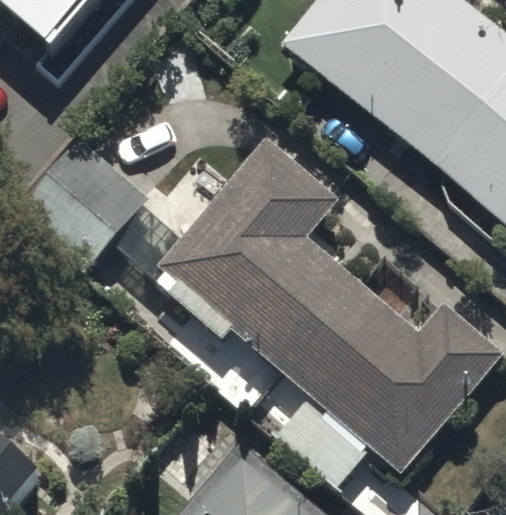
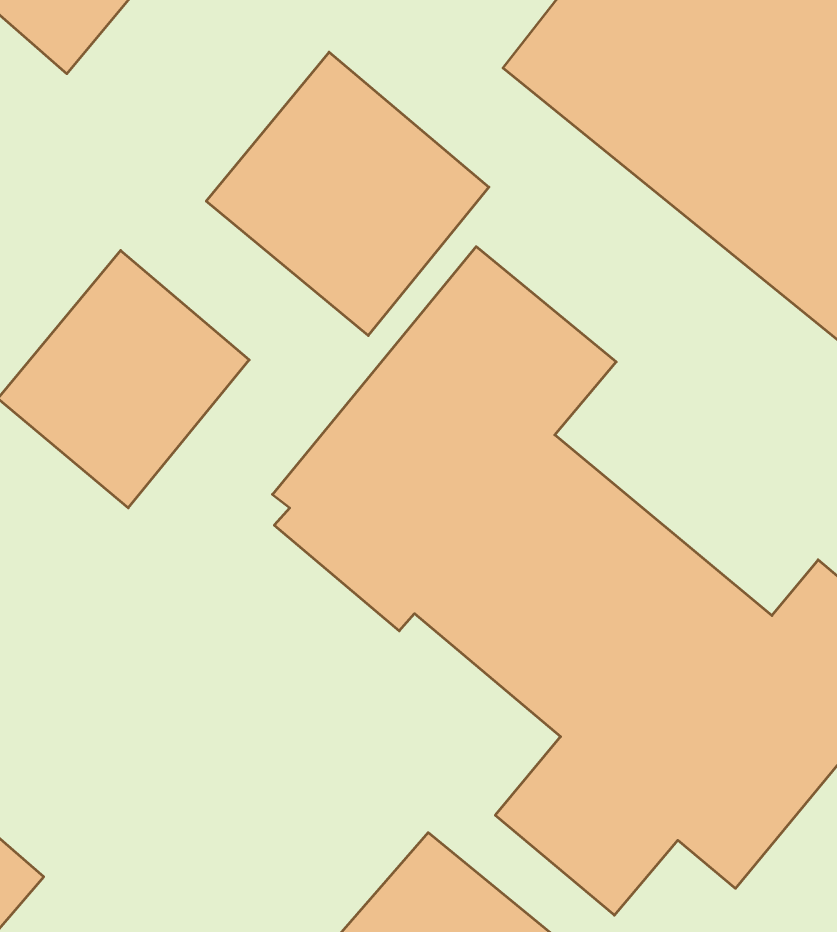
building: none -> [206,52,489,336]

